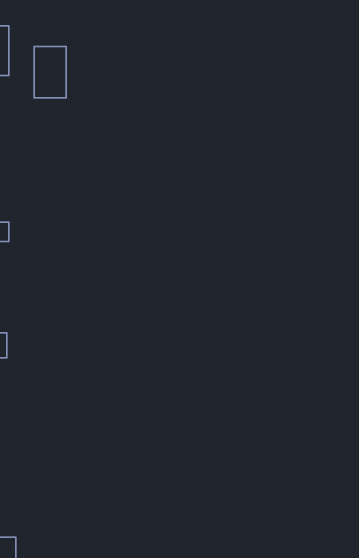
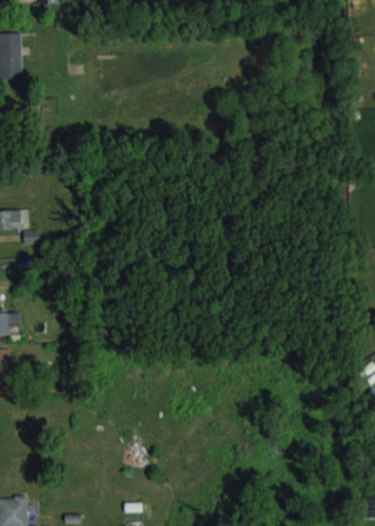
building: [34,46,66,98] -> none

